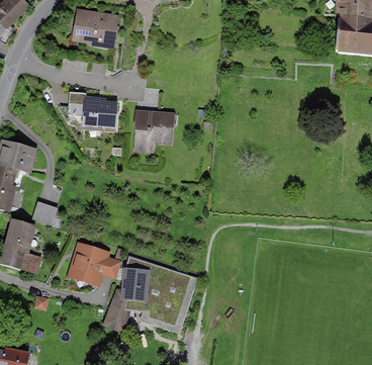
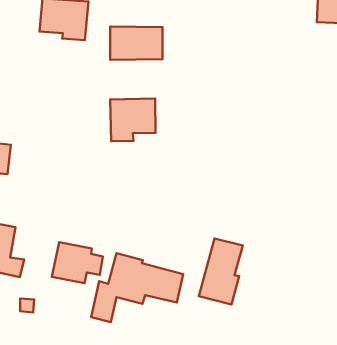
building: [67,93,118,127] -> [110,27,163,60]
building: [31,200,60,225] -> none
building: none -> [199,238,243,304]

